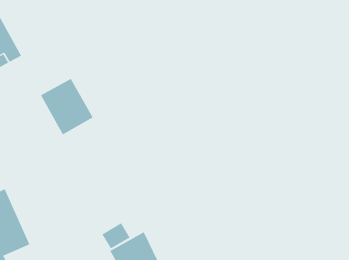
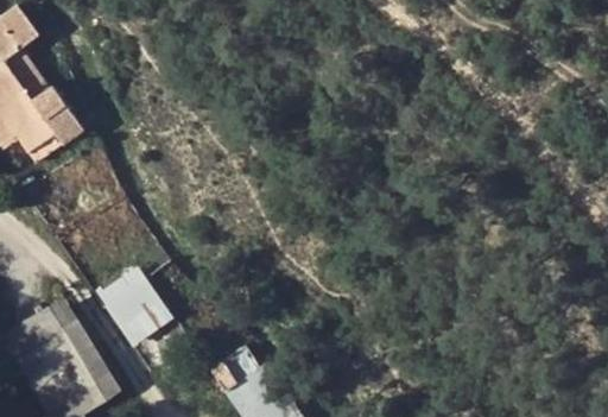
building: [40,78,94,135] -> [99,266,175,346]

